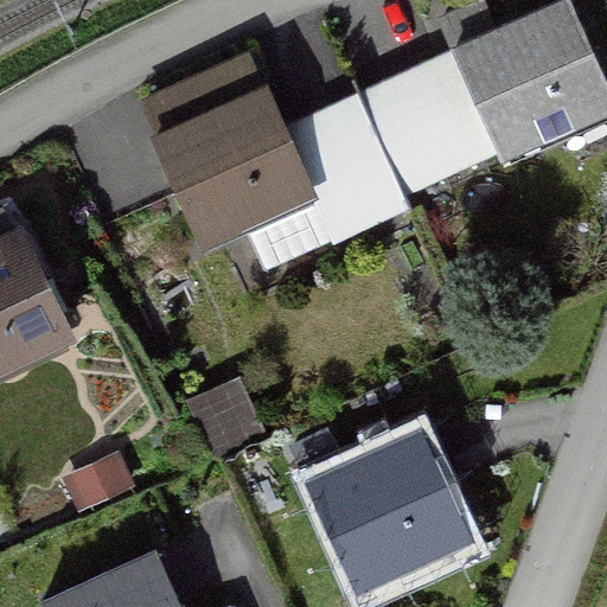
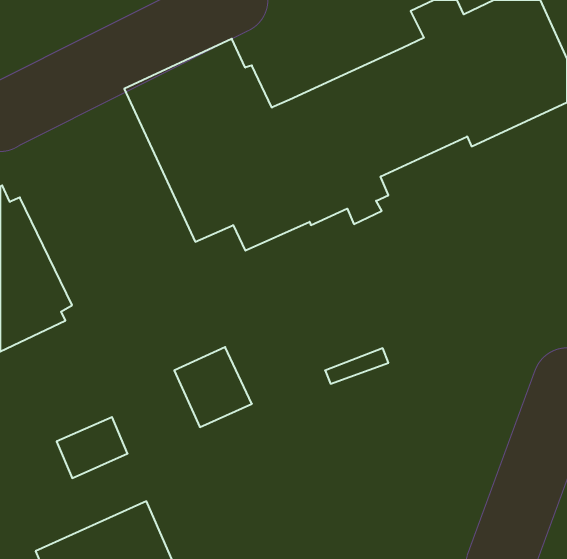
building: [290,423,475,594] -> none

